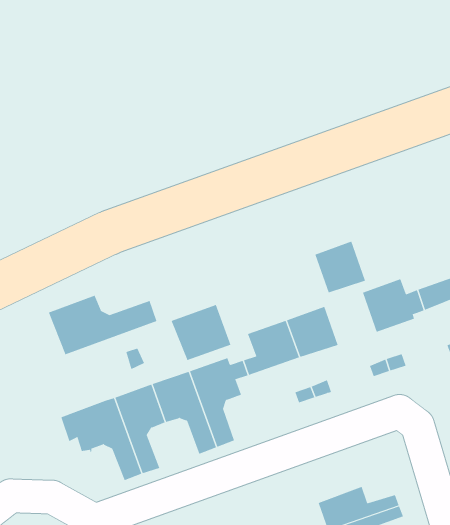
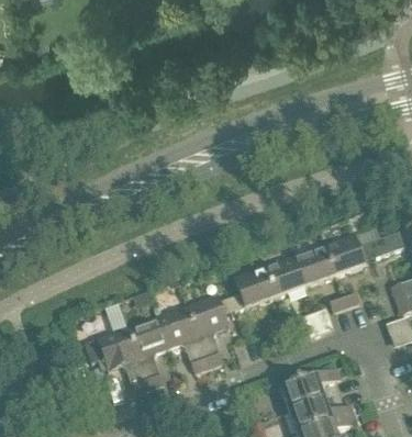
building: [314,241,366,293] -> [294,245,335,287]
building: [48,295,157,355] -> none
building: [171,304,231,361] -> none
building: none -> [280,368,341,412]

